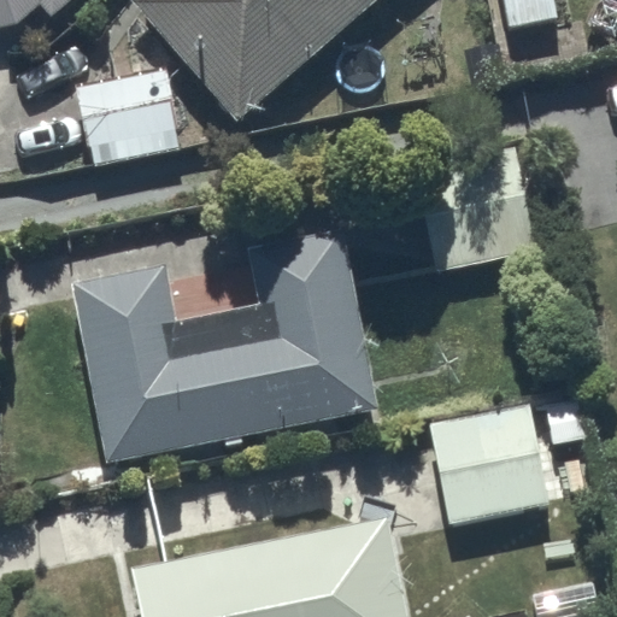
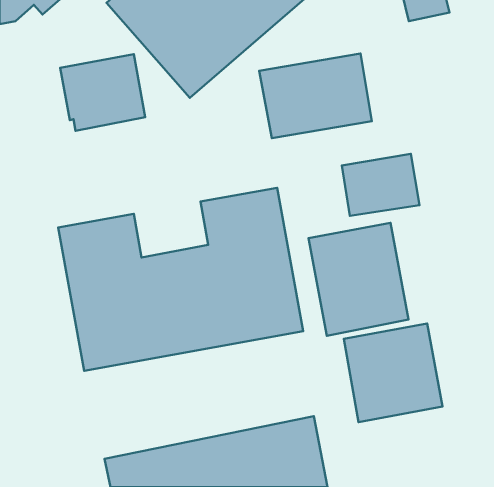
building: none -> [259,54,372,138]
building: none -> [308,223,409,336]

